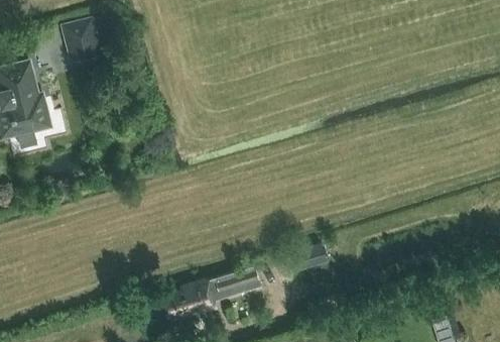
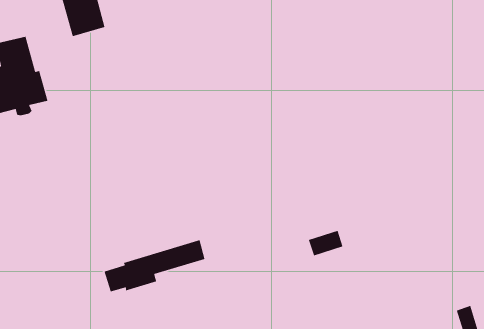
building: [163,268,259,319] -> [104,239,205,293]

